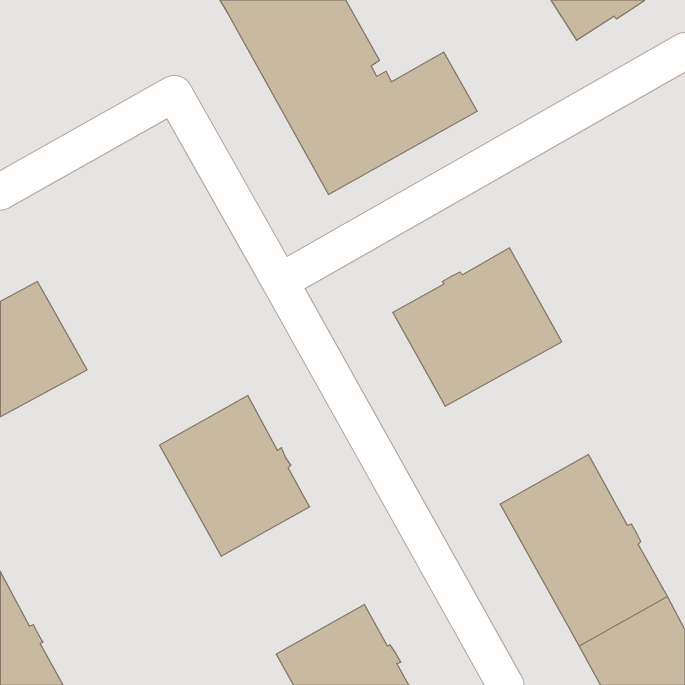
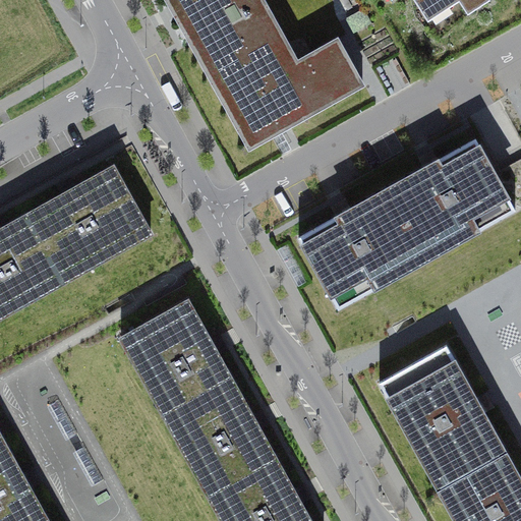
building: none -> [387,139,515,259]
building: none -> [28,166,151,281]
building: none -> [168,385,277,497]

